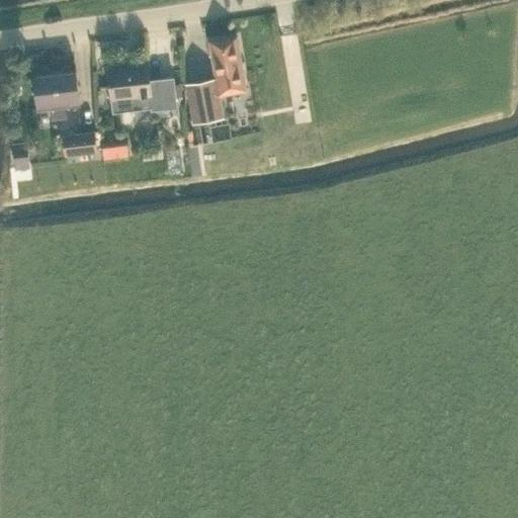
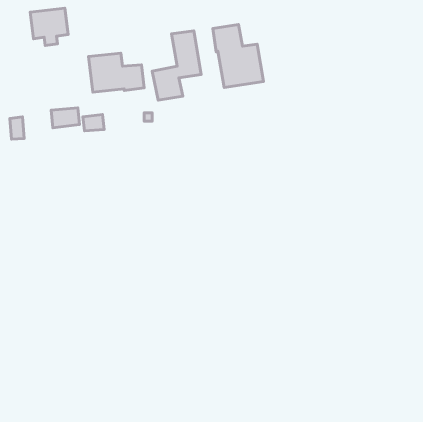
building: none -> [213,24,264,88]
building: [33,75,80,120] -> [30,8,68,45]

